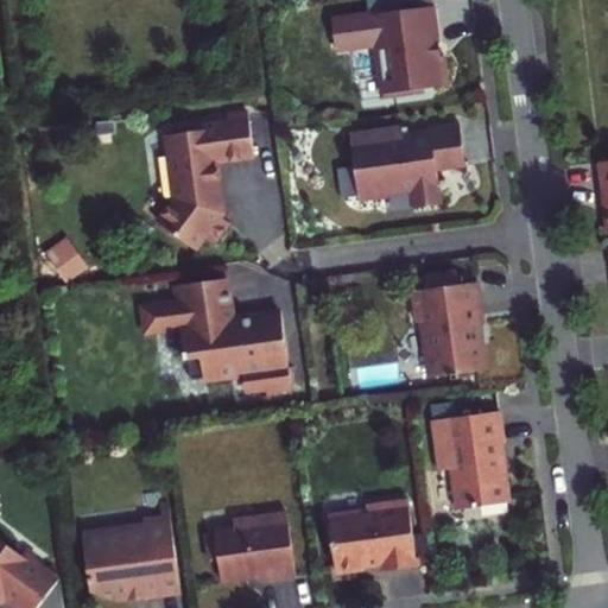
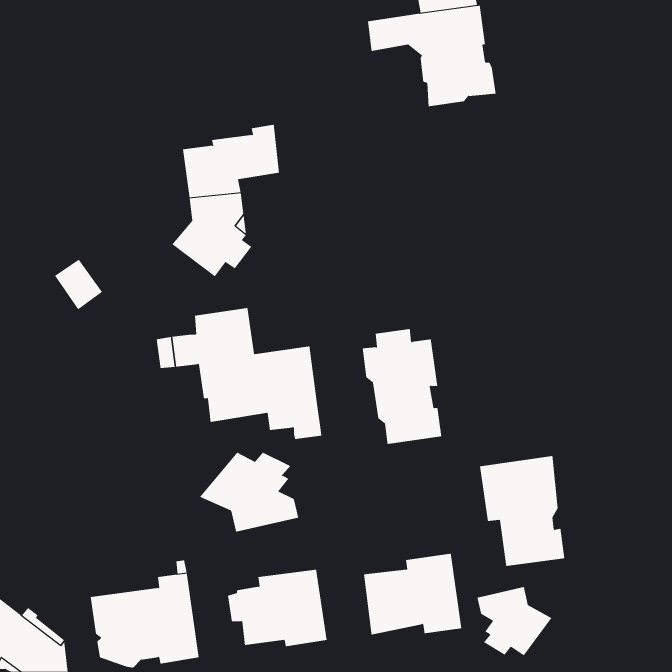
building: [349,122,464,207] -> none
building: [411,272,483,376] -> [362,328,442,445]
building: none -> [199,452,299,532]
building: none -> [477,586,552,656]

